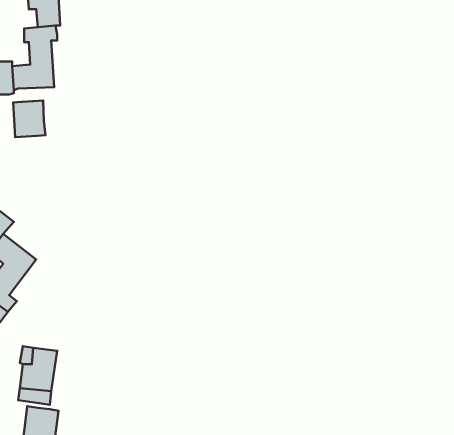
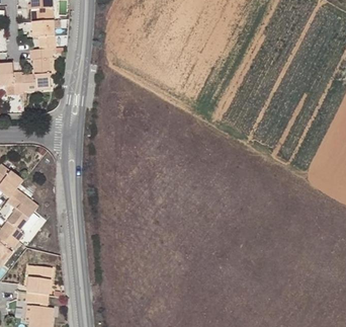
building: [13,101,45,137] -> none

